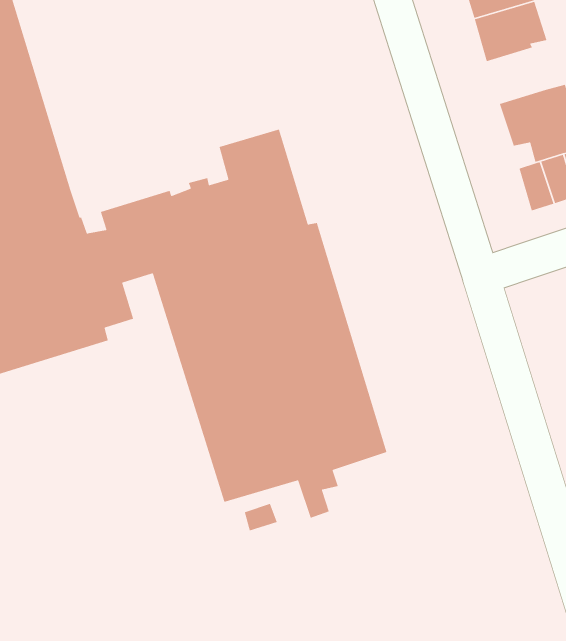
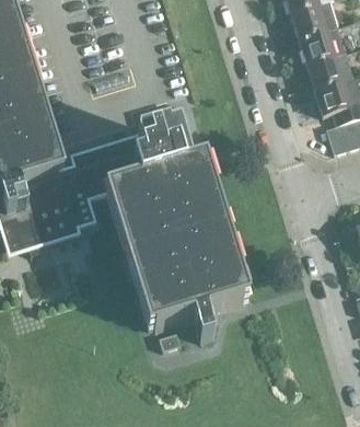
building: none -> [307,56,344,90]

